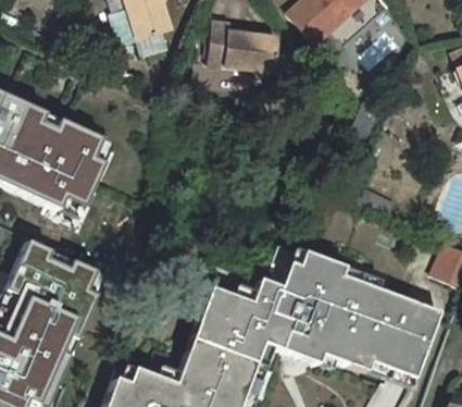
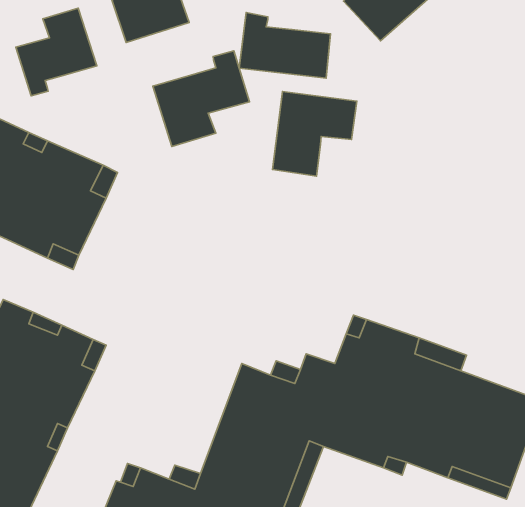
building: none -> [16,8,97,96]
building: none -> [153,51,250,147]
building: none -> [273,92,357,176]

